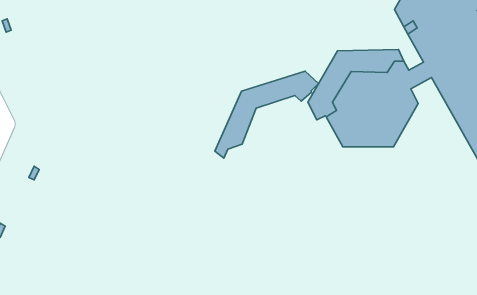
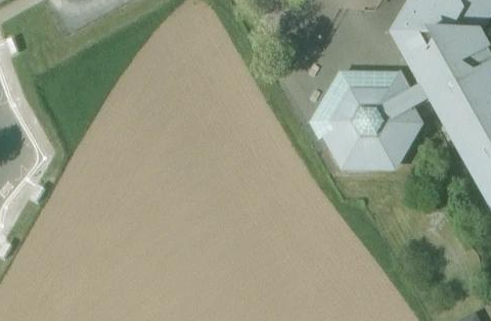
building: [215,71,319,158] -> none

